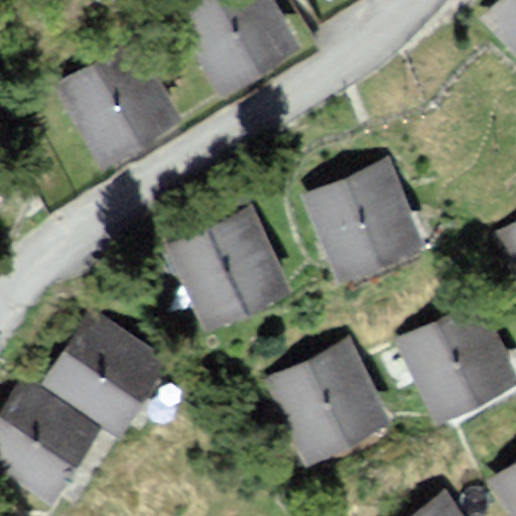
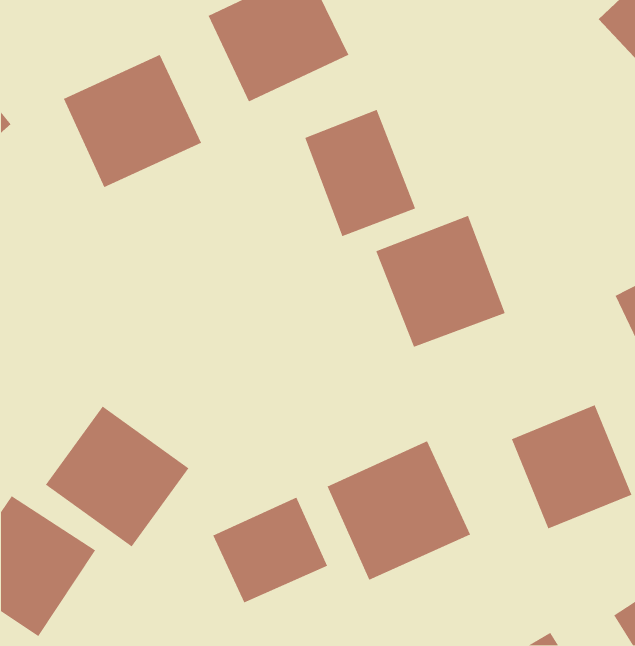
building: none -> [304,109,416,237]
building: [176,218,282,327] -> none
building: none -> [212,496,328,603]

